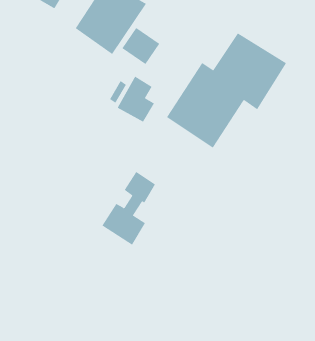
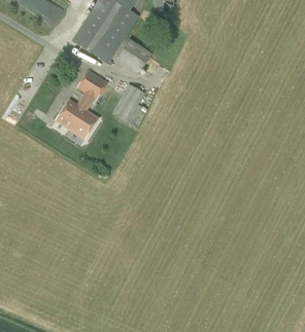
building: [166,33,287,149] -> none
building: [102,171,156,245] -> [57,70,107,139]

